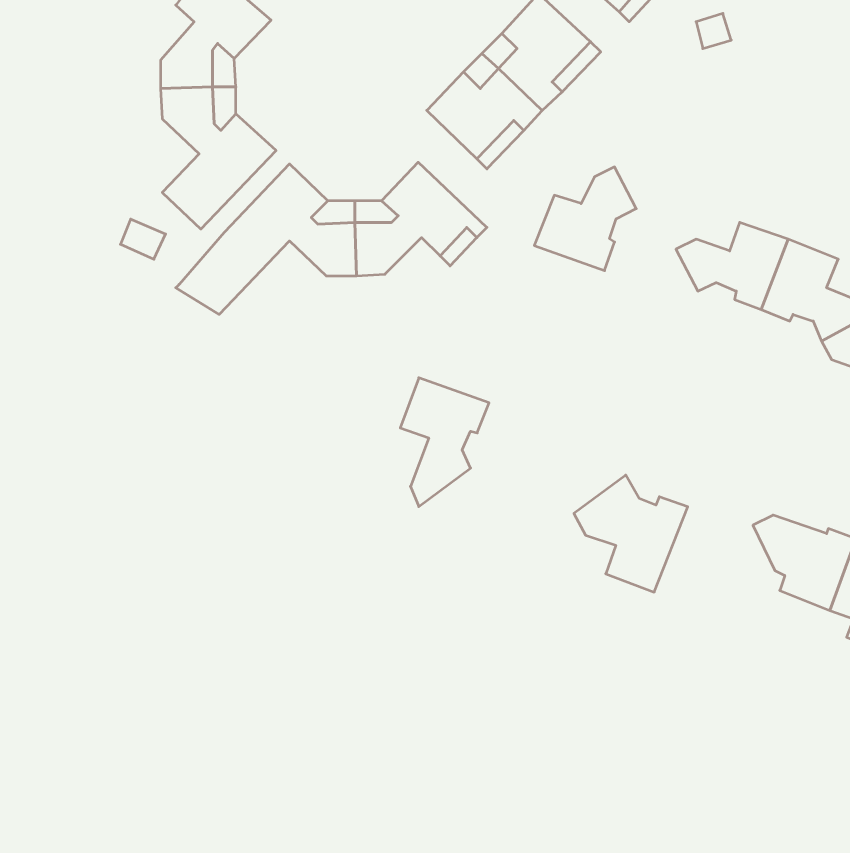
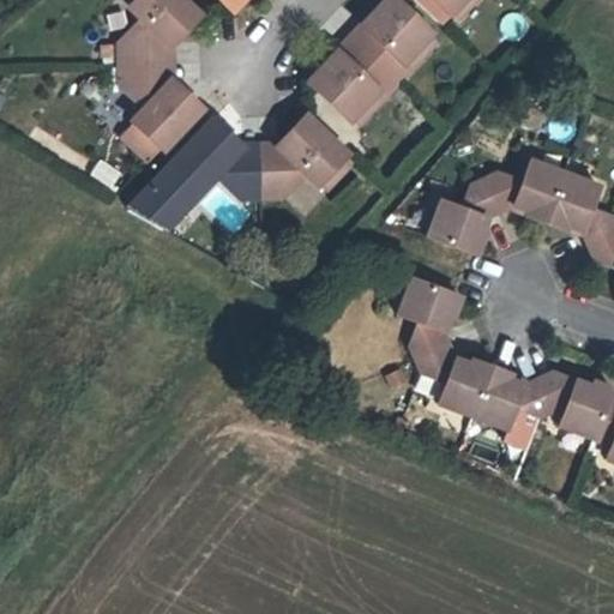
building: [534,167,636,271] -> [431,179,504,253]
building: [400,378,489,507] -> [402,276,465,368]
building: none -> [472,363,559,438]

